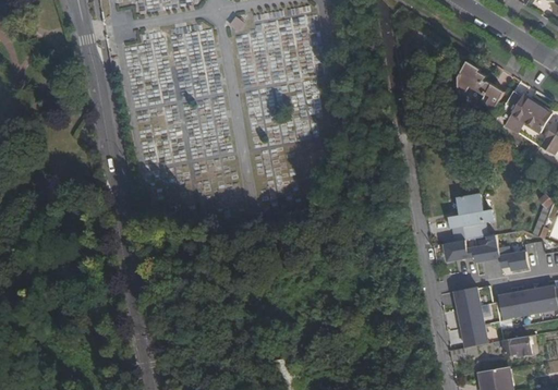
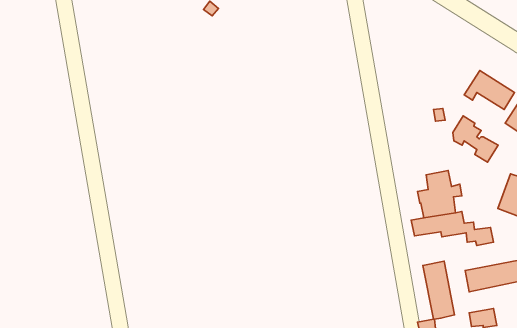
building: [456,60,502,108] -> [453,116,498,162]

